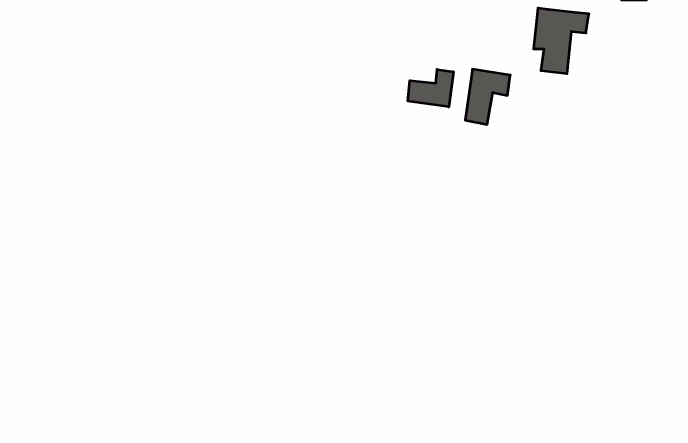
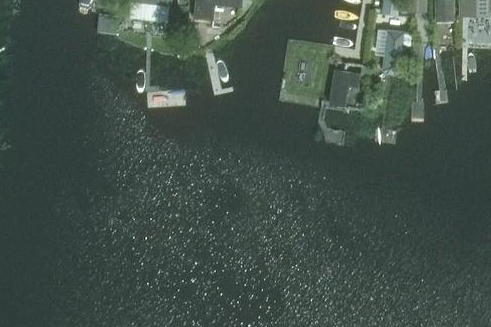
building: [408,69,453,107] -> none

